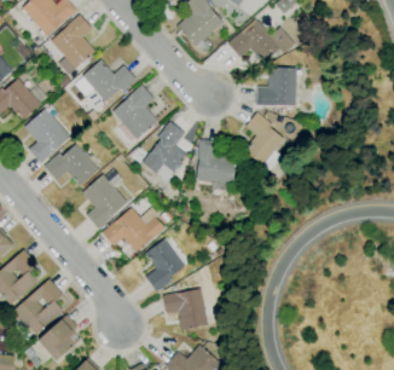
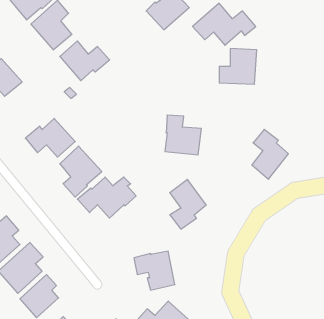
building: [112,85,158,140] -> none
building: [24,109,70,163] -> none
building: [244,112,284,167] -> [252,129,288,179]
building: [141,122,186,174] -> none
building: [145,238,185,293] -> [170,179,206,229]

